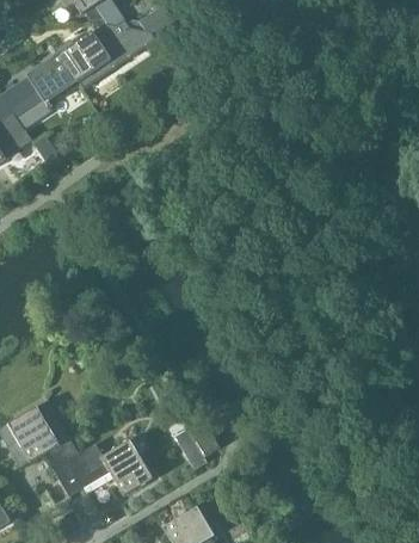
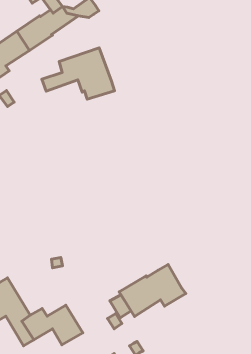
building: none -> [42,48,114,99]
building: none -> [119,264,186,317]

